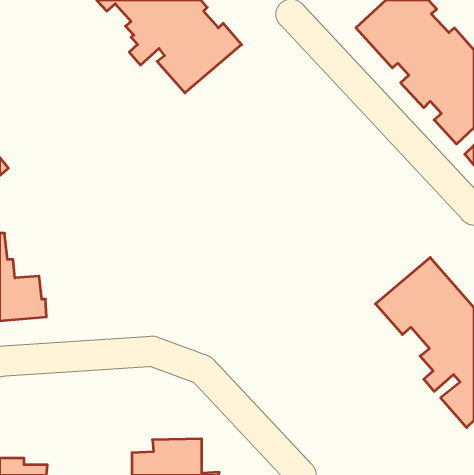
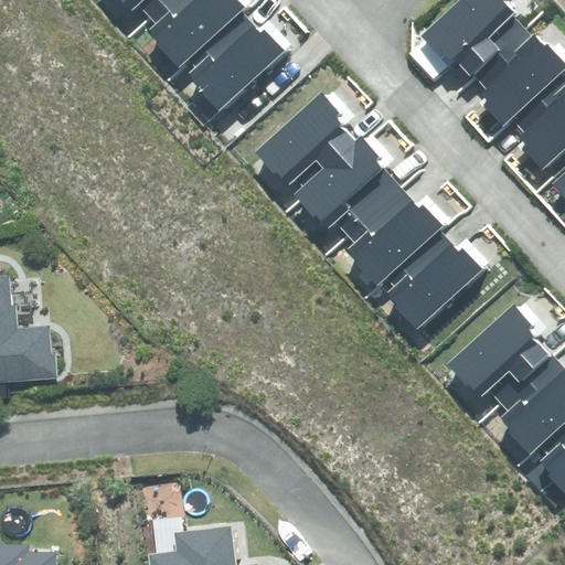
building: none -> [256,93,484,330]

